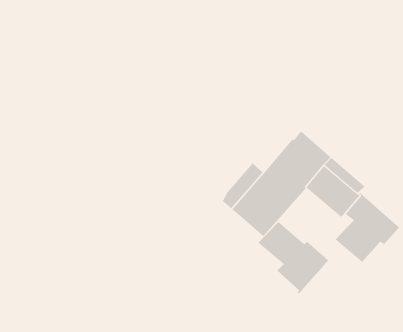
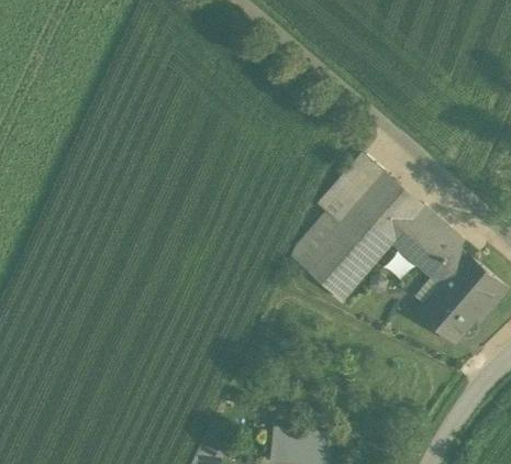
building: none -> [319,155,386,224]
building: [257,221,329,294] -> none

